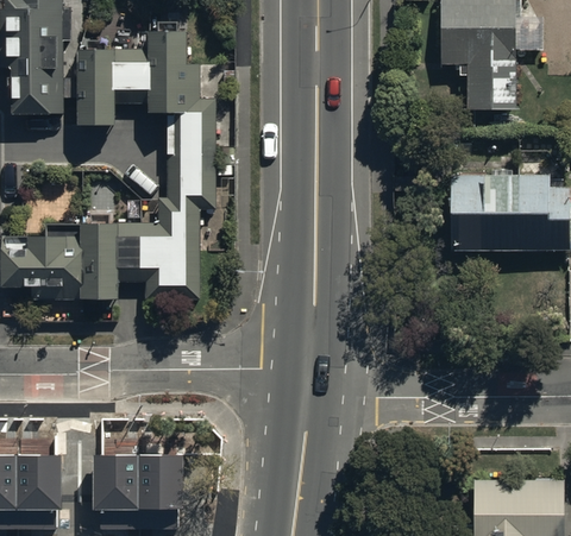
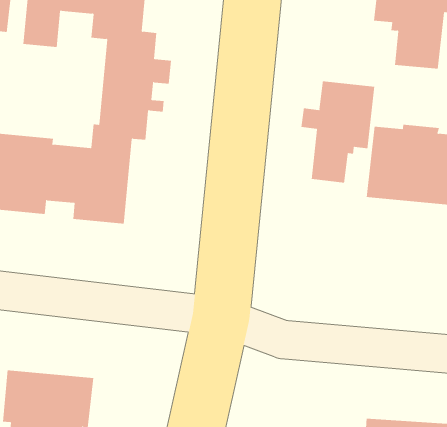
building: none -> [301,81,375,184]

